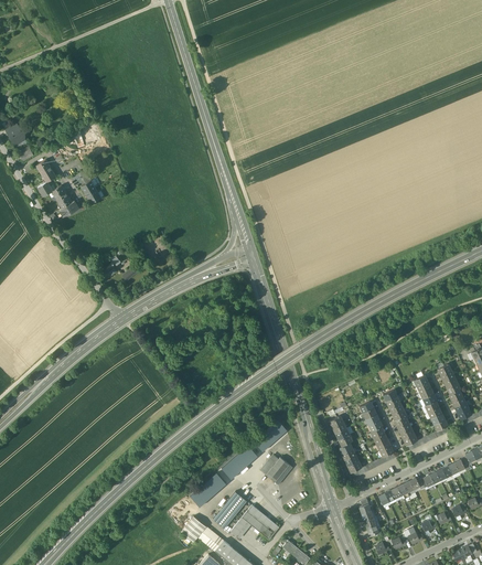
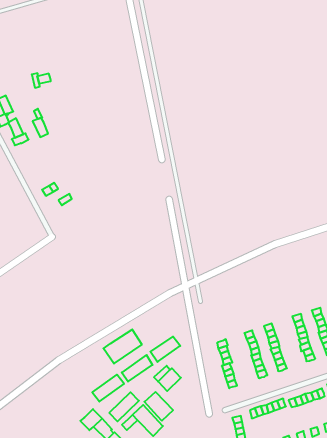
building: none -> [103,329,142,364]
building: none -> [144,392,173,421]

